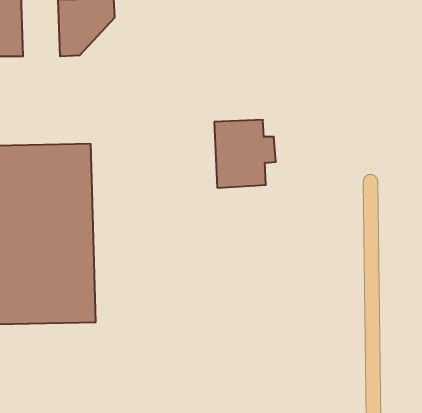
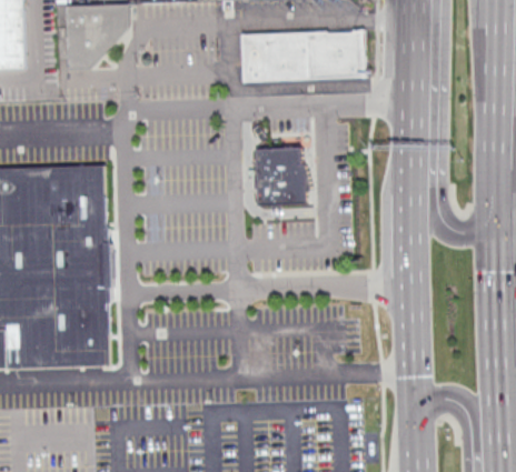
building: none -> [237,31,360,84]

